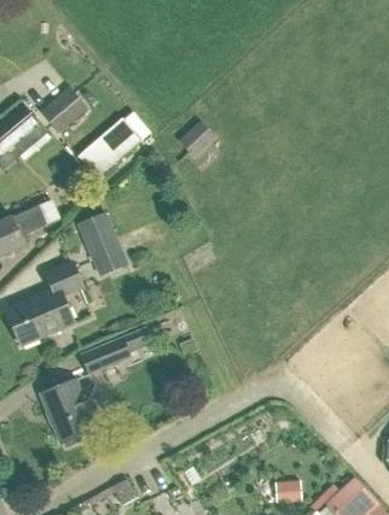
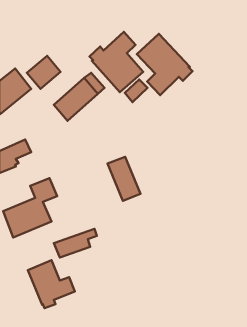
building: none -> [90,32,143,92]
building: none -> [137,34,192,95]
building: [79,212,126,275] -> [108,157,140,201]

